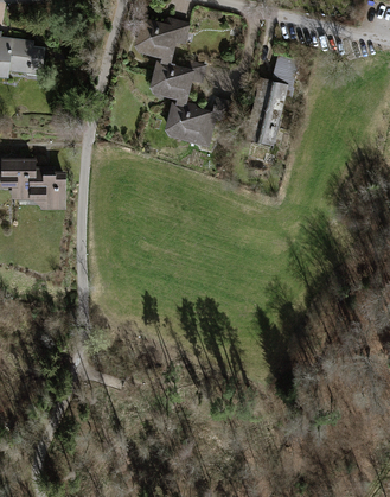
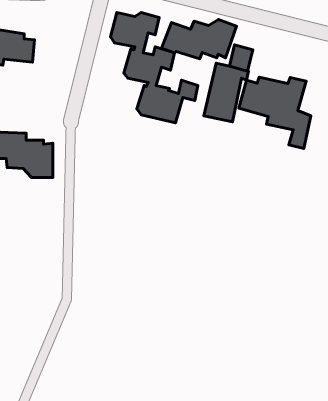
building: none -> [162,19,237,59]
building: none -> [239,77,311,148]

